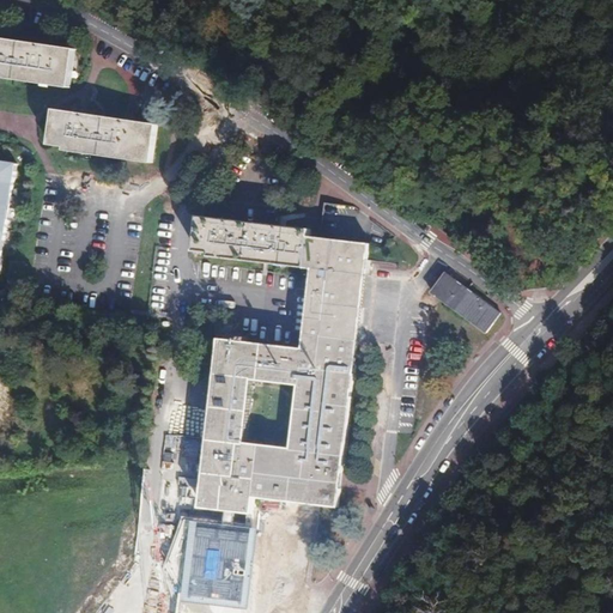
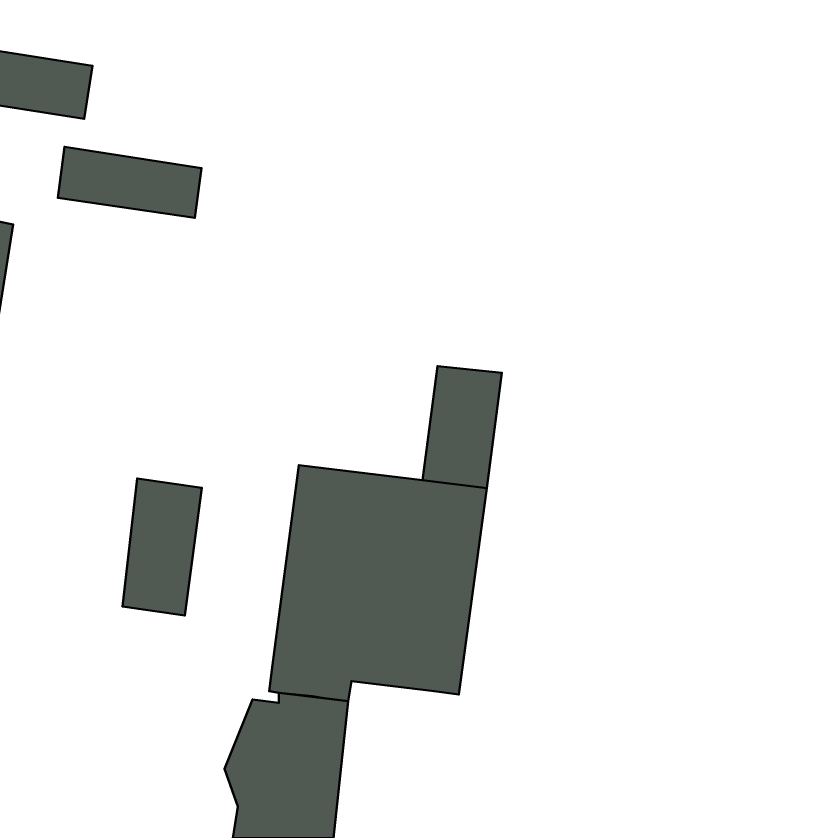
building: [193,213,366,271] -> none
building: [423,272,496,329] -> none
building: none -> [122,478,202,615]

